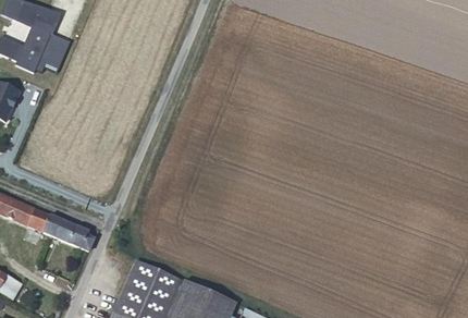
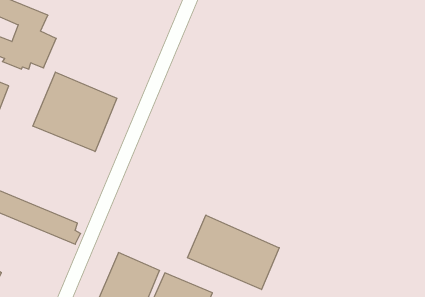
building: none -> [33,72,117,152]
building: none -> [187,215,279,290]

